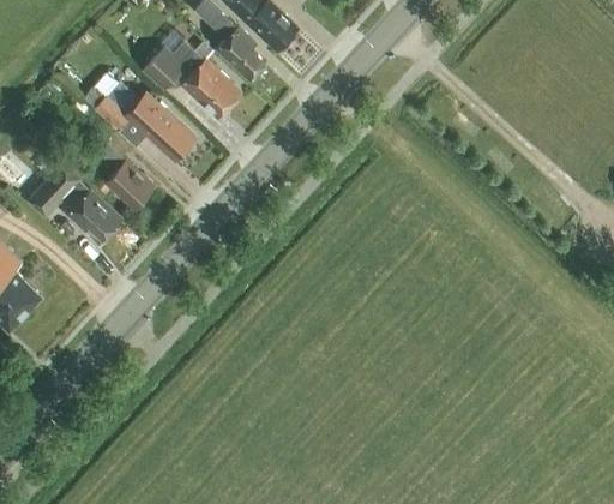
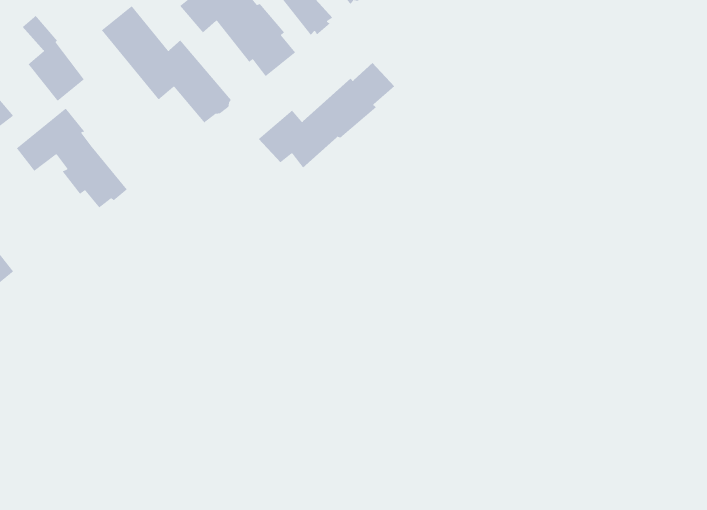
building: none -> [258,62,395,169]
building: [97,142,152,208] -> [22,15,85,102]

